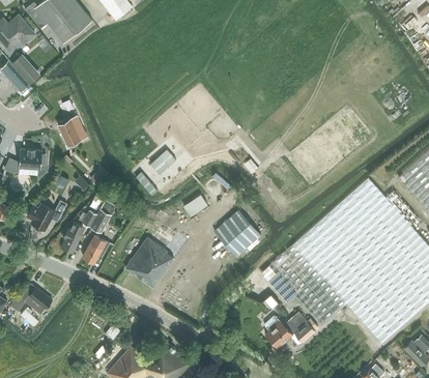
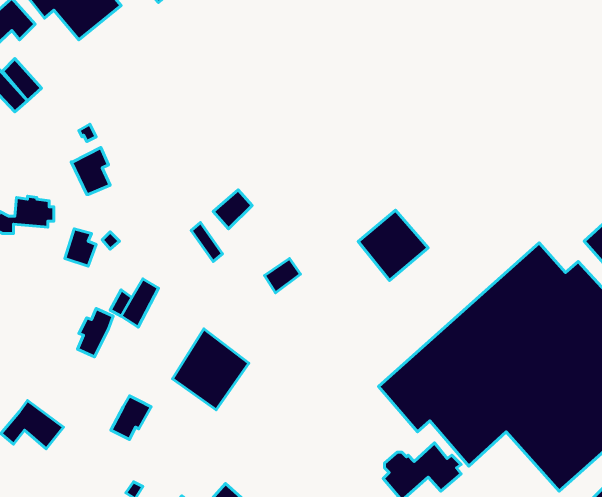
building: [26,201,66,231] -> none
building: [214,209,261,256] -> [358,210,428,281]
building: [82,234,109,263] -> [111,396,151,440]

